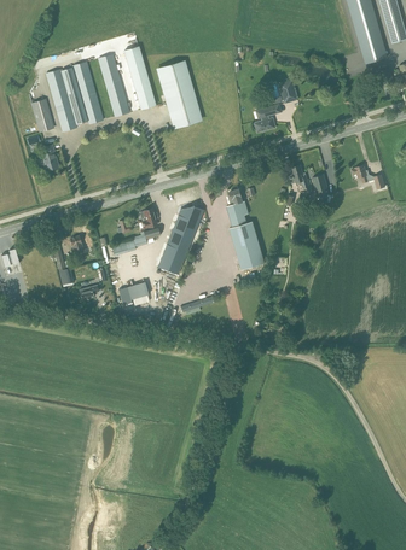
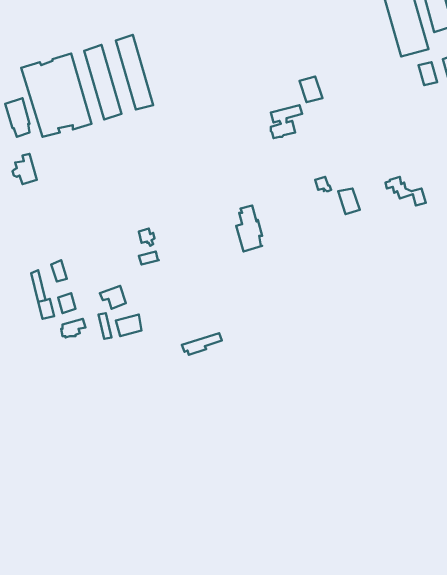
building: [158,62,201,125] -> none
building: [157,206,203,275] -> none
building: [230,222,265,270] -> none

